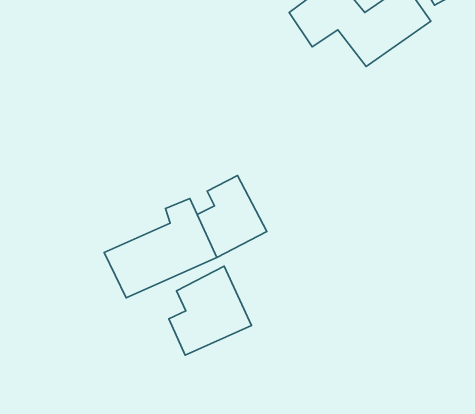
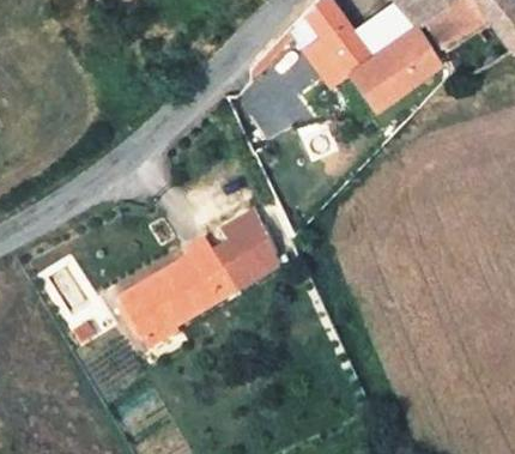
building: [169,266,251,355] -> none

